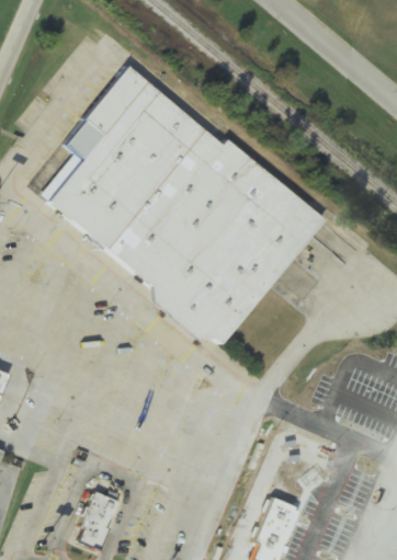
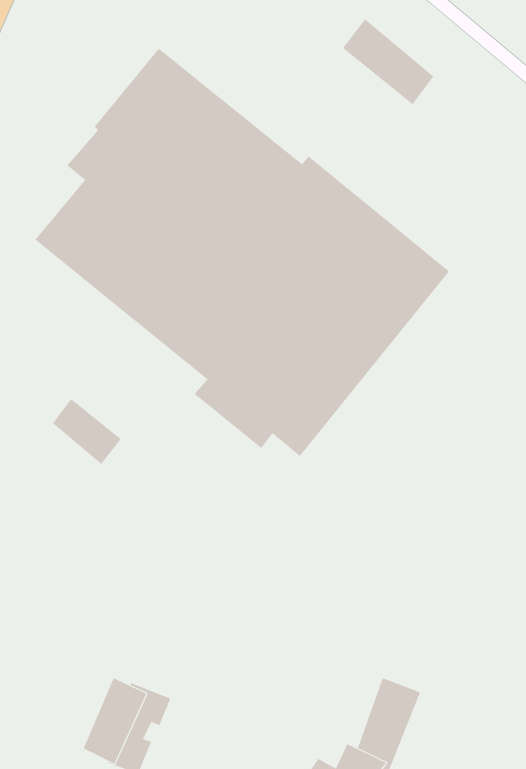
building: none -> [342,18,434,105]
building: none -> [52,398,121,465]

